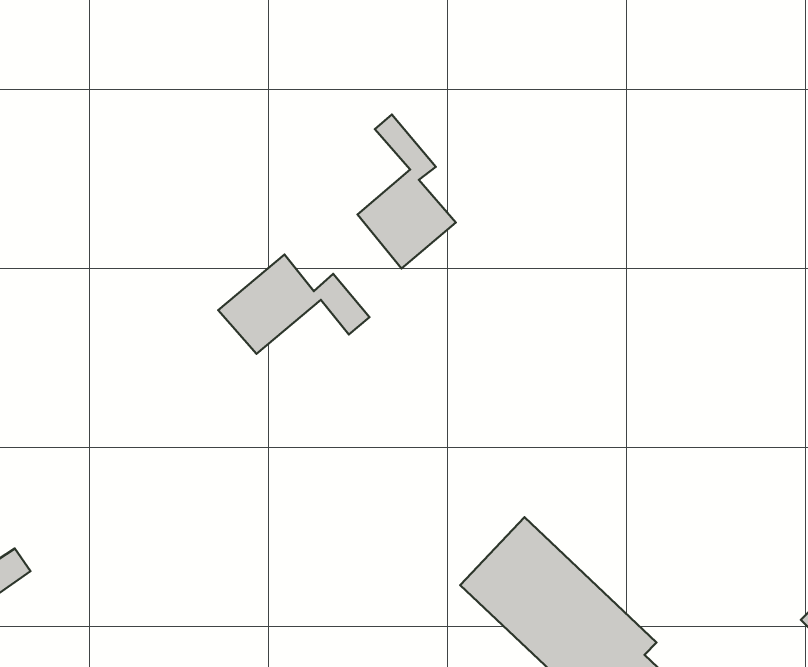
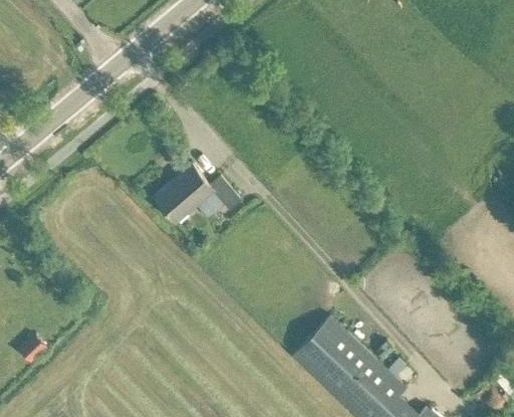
building: [357,115,456,268] -> none

